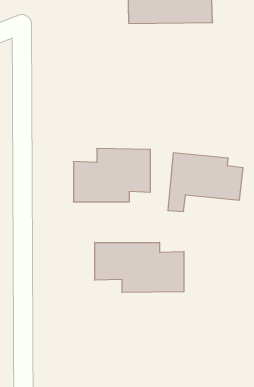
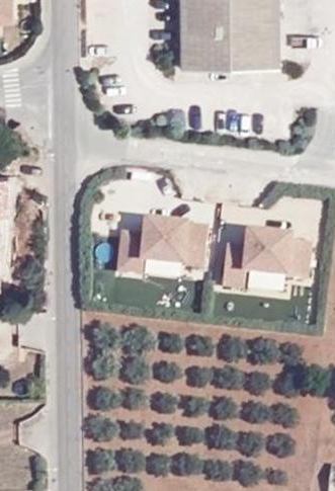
building: [95,242,184,293] -> none

